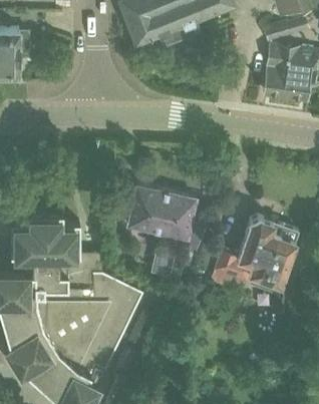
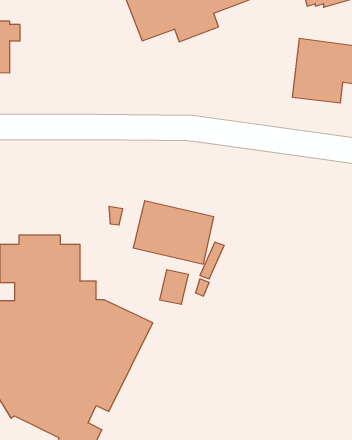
building: [262,16,308,43] -> none
building: [209,216,298,289] -> none

